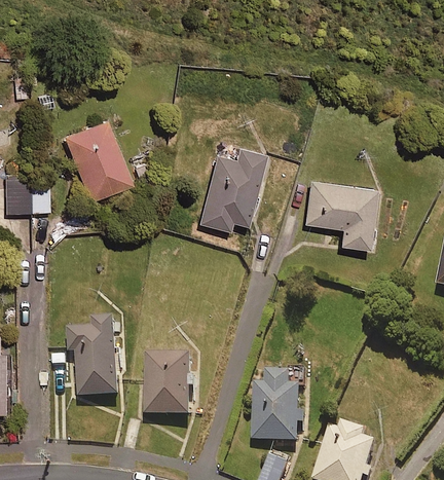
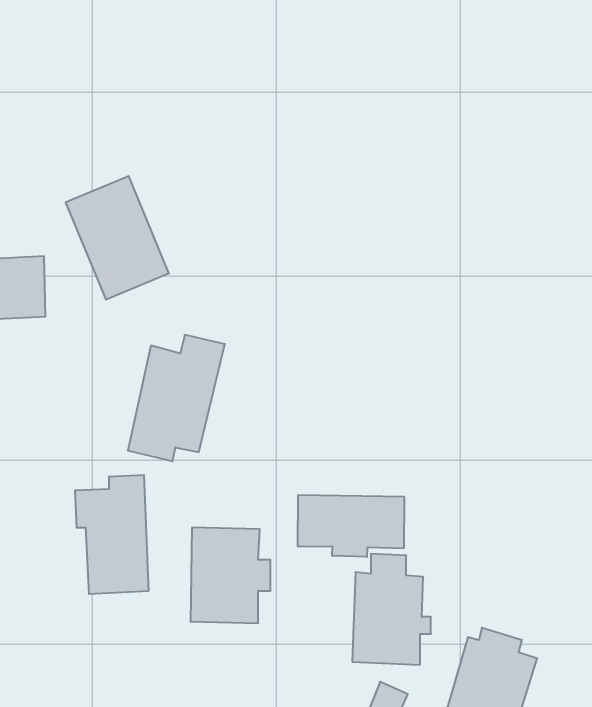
building: [197,146,262,230] -> [128,335,225,461]
building: [303,180,374,249] -> none
building: none -> [298,495,404,557]

